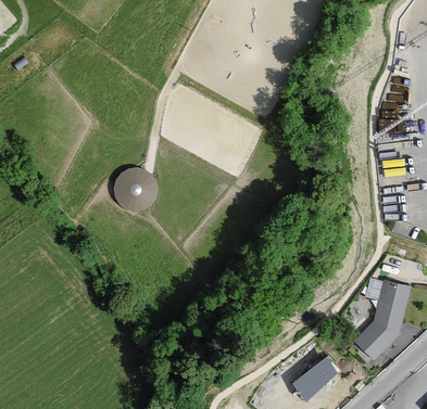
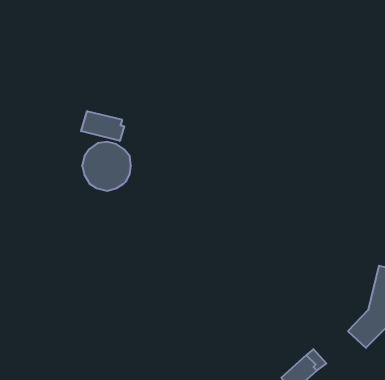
building: none -> [81,111,124,141]

